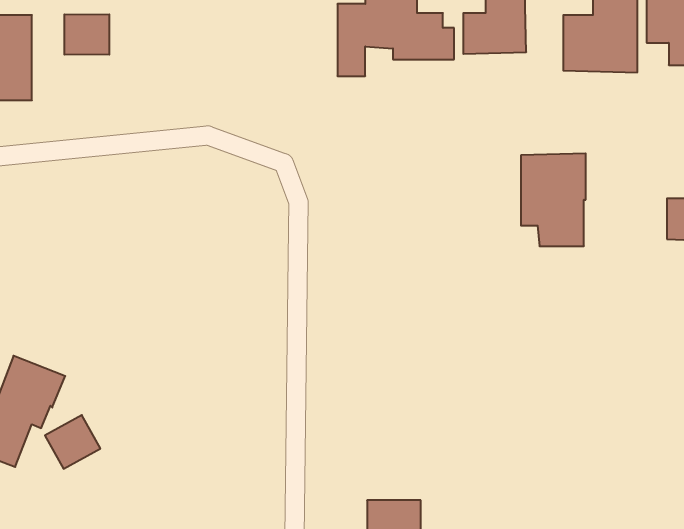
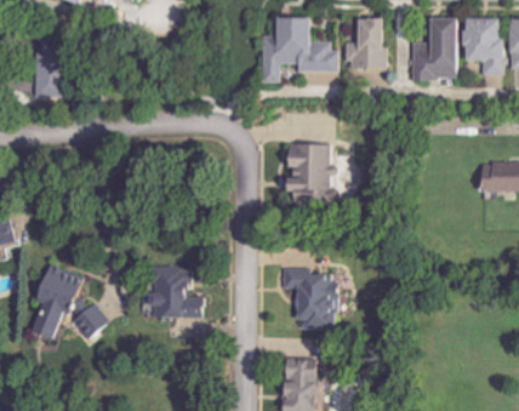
building: [64,14,109,55] -> none
building: [521,153,586,246] -> [287,142,330,202]
building: none -> [280,269,337,329]
building: none -> [136,273,203,316]

